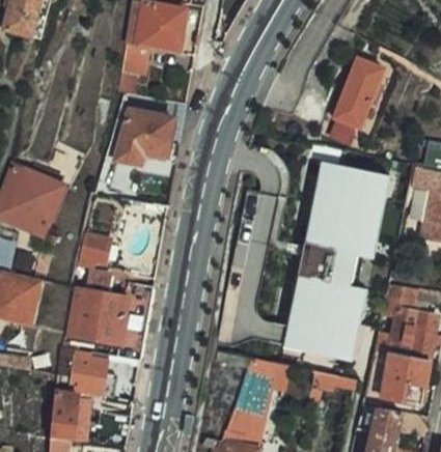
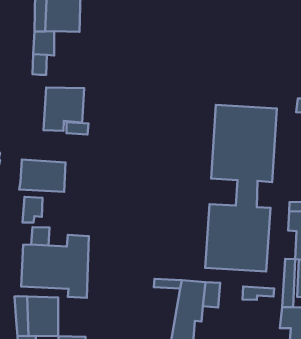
building: [336,57,388,130] -> none
building: none -> [19,160,65,192]

